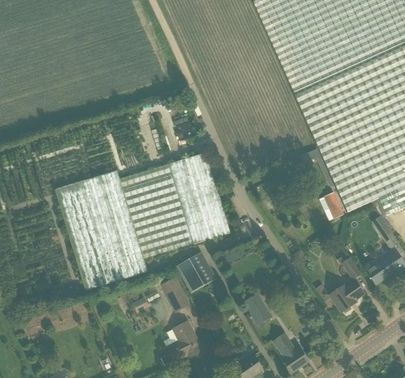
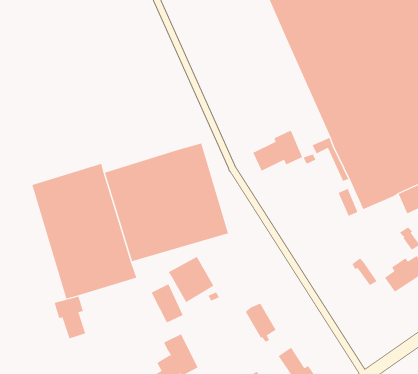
building: none -> [252,130,303,171]
building: [330,281,364,313] -> none
building: none -> [54,296,86,339]

